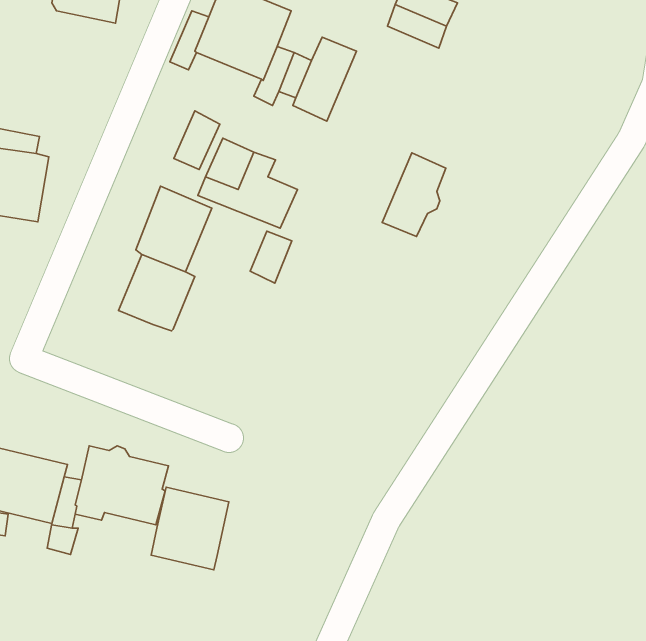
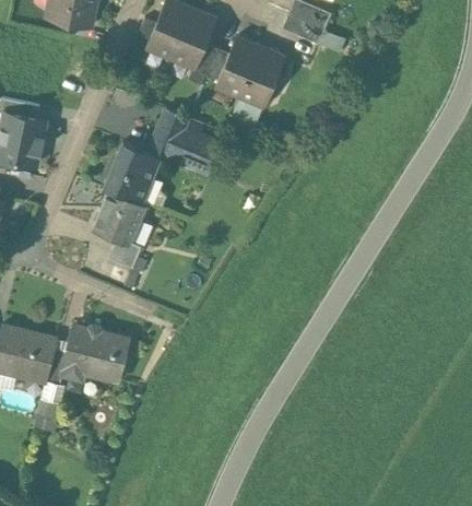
building: [174,111,220,169] -> none
building: [382,153,446,237] -> [240,47,285,106]
building: [250,231,292,283] -> none
building: none -> [110,239,143,269]
building: [151,487,229,570] -> none

